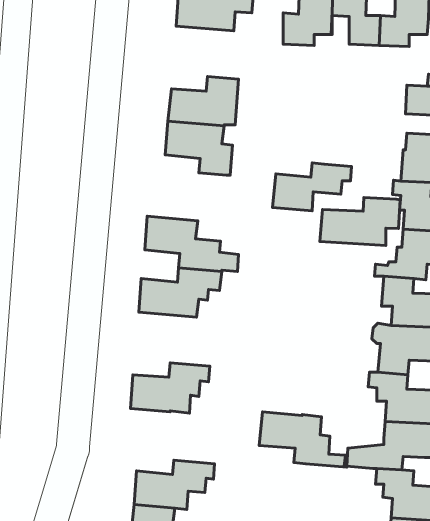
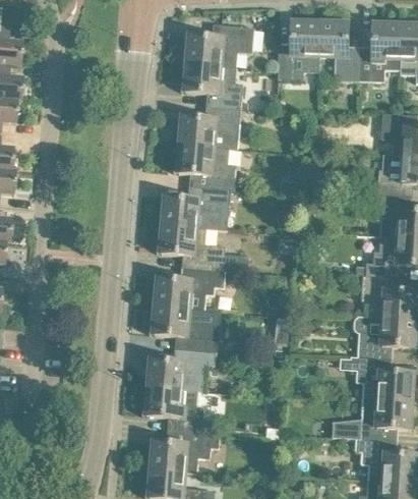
building: none -> [184,62,241,107]
building: [272,163,352,211] -> [162,185,229,226]
building: [320,197,400,245] -> none
building: none -> [153,304,218,350]
building: [259,412,347,467] -> [144,386,219,433]

